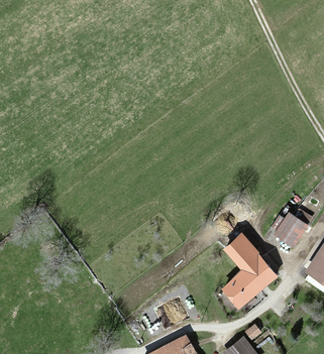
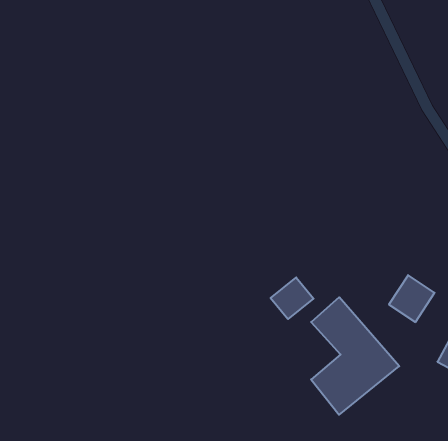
building: none -> [271,277,314,319]

